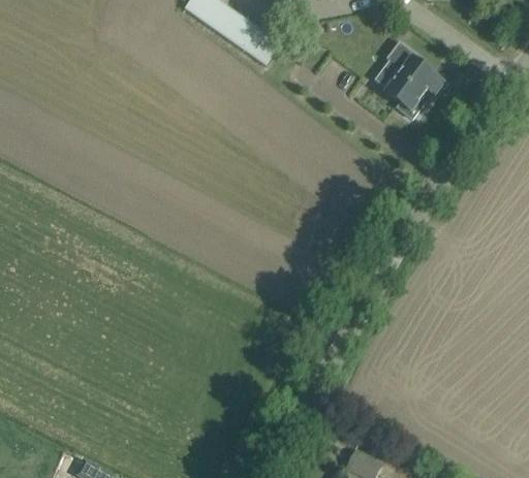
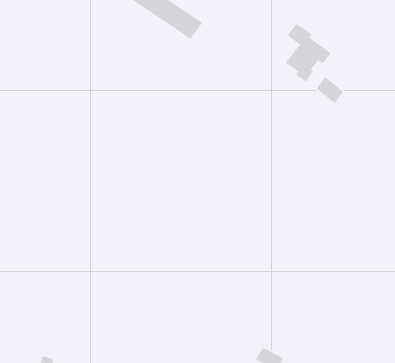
building: none -> [316,76,344,104]

